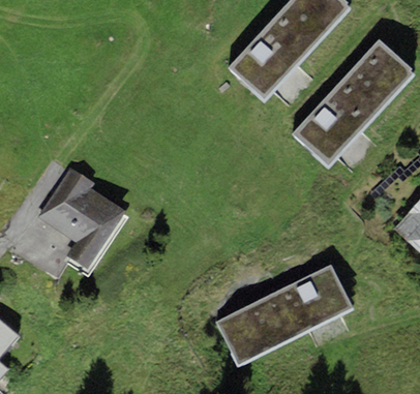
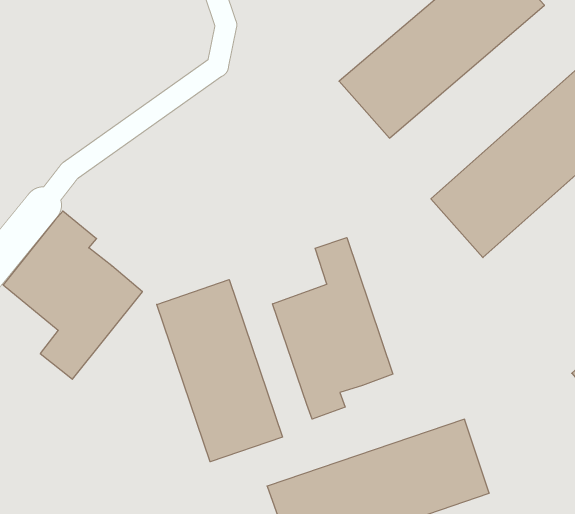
building: none -> [273,238,393,419]
building: none -> [157,280,282,462]

